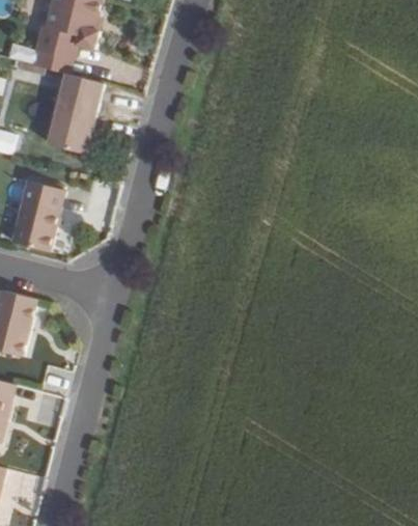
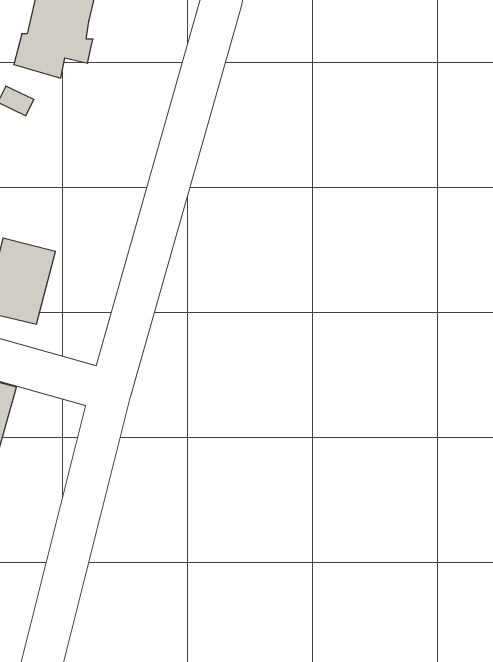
building: [47,74,100,151] -> none

